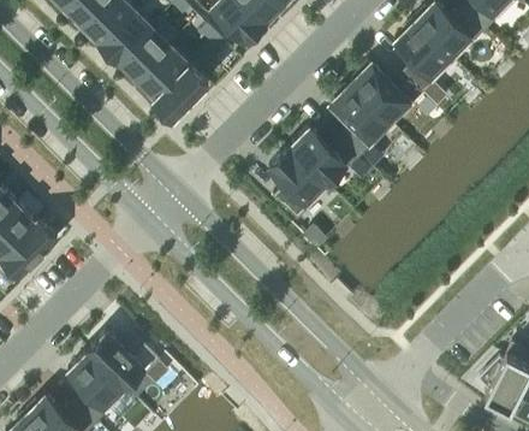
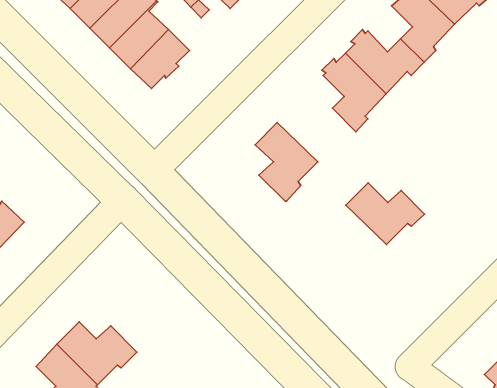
building: [289,130,361,187] -> [346,183,425,244]

